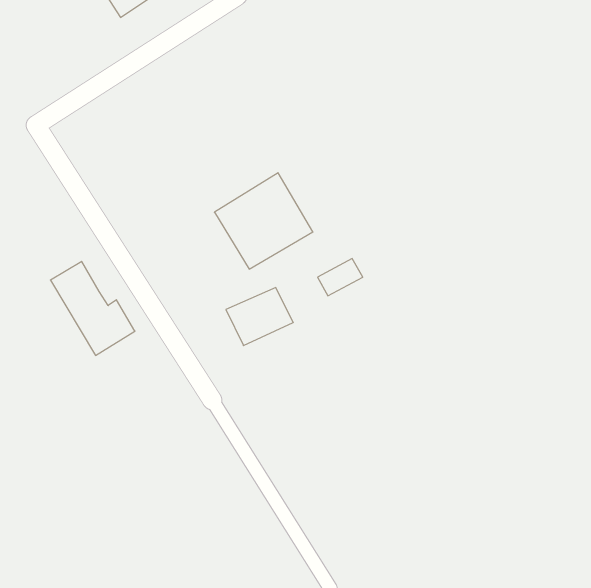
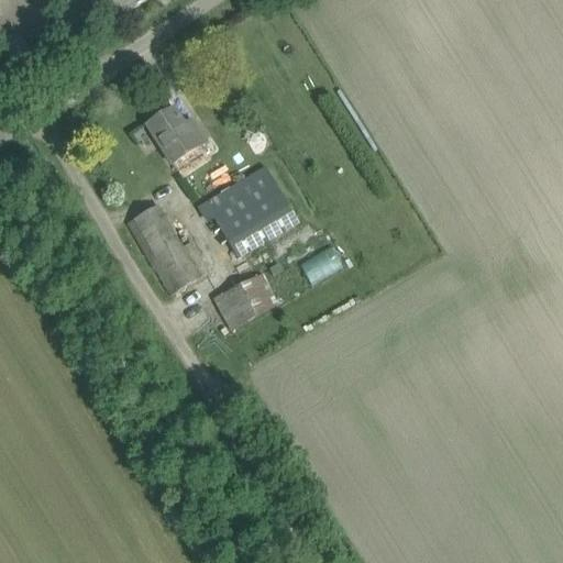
building: none -> [145,104,203,161]
building: [50,261,135,355] -> [126,203,207,292]

